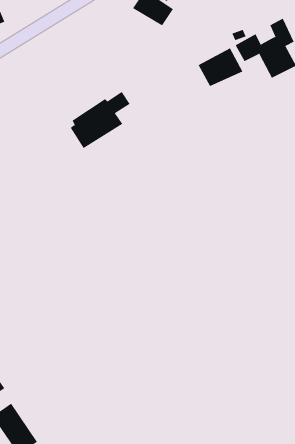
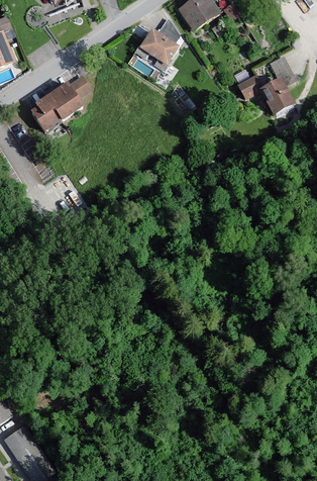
building: [198,47,243,87] -> none
building: [70,91,130,149] -> [31,76,90,131]

